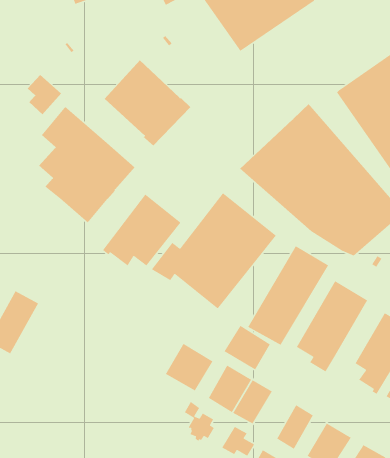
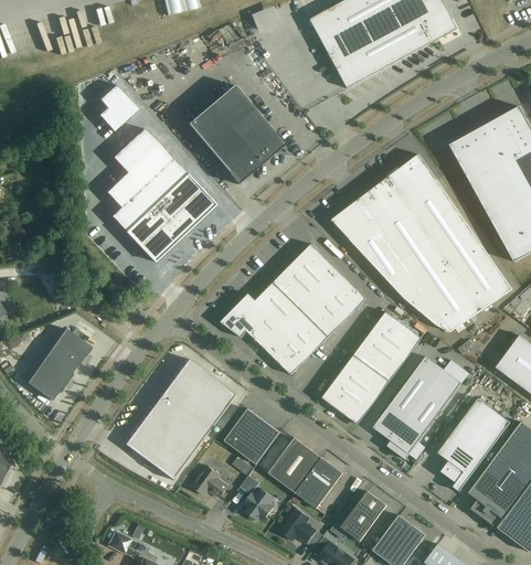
building: [101,193,182,267] -> none
building: none -> [125,358,236,479]
building: [224,325,271,370] -> none
building: none -> [191,465,227,497]

